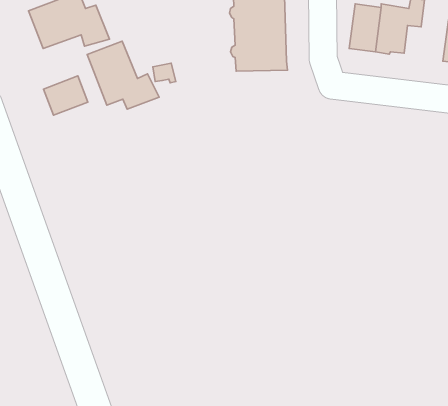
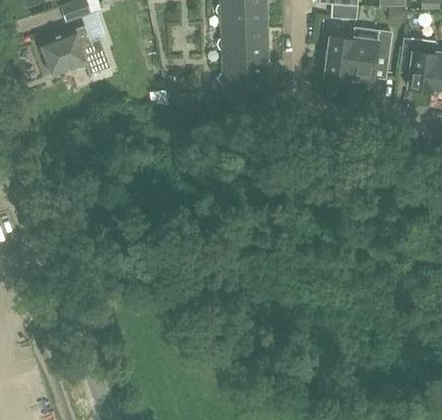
building: [87,41,159,109] -> none
building: [43,76,88,115] -> none

